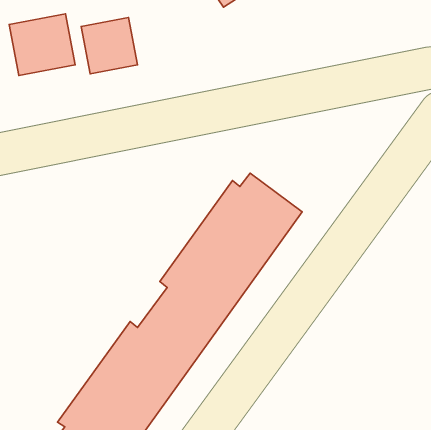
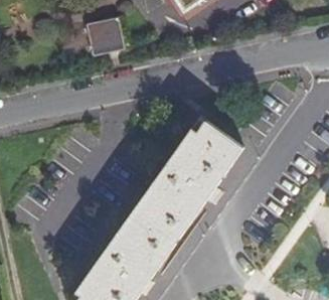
building: [9,14,75,75] -> none

